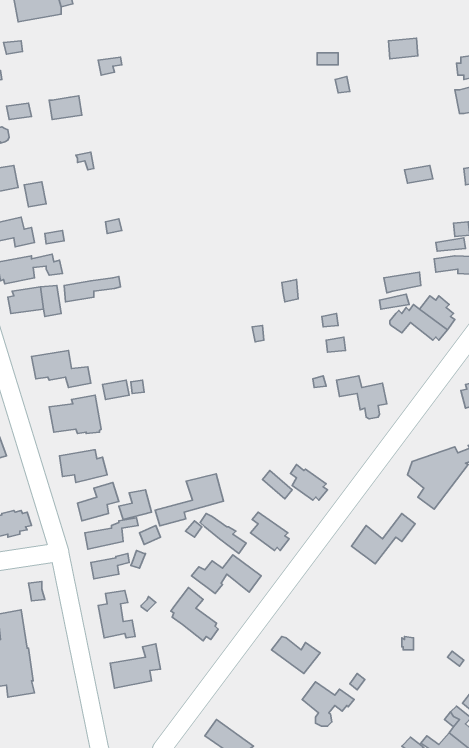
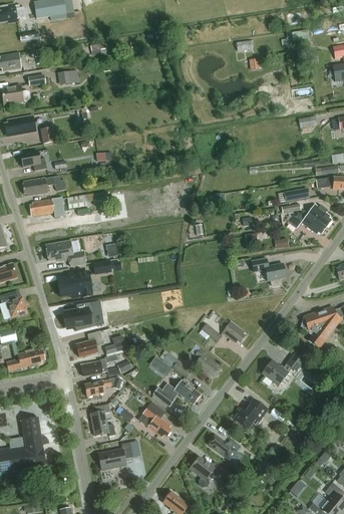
building: [155,474,223,526] -> none
building: none -> [233,398,266,429]
building: [302,682,354,726] -> [190,456,225,486]

